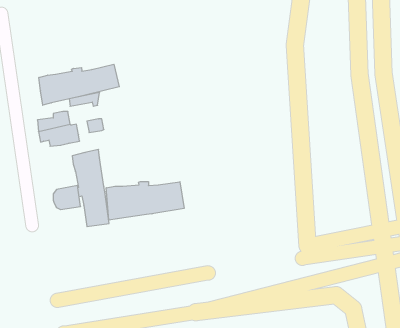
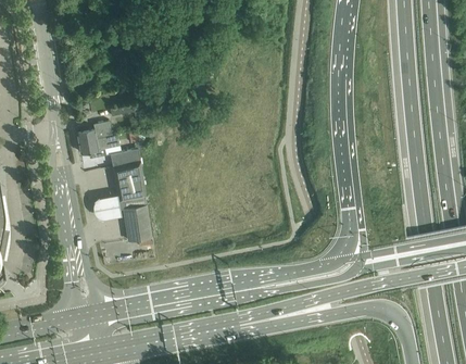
building: [39,64,119,105] -> none
building: [106,182,184,220] -> none

